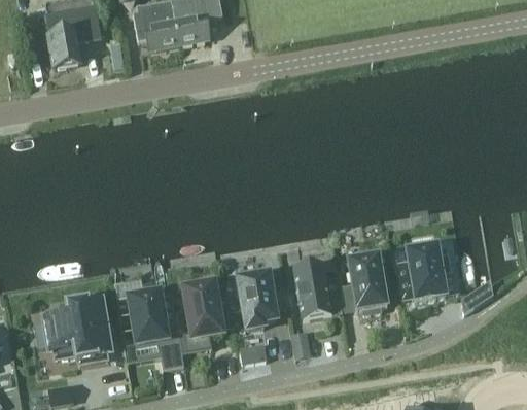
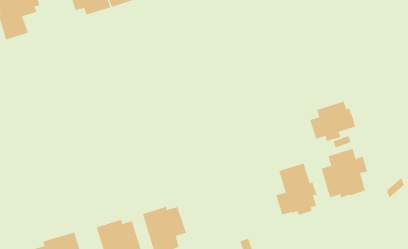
building: none -> [310,101,355,142]
building: [292,264,342,317] -> none
building: [238,272,286,327] -> none

